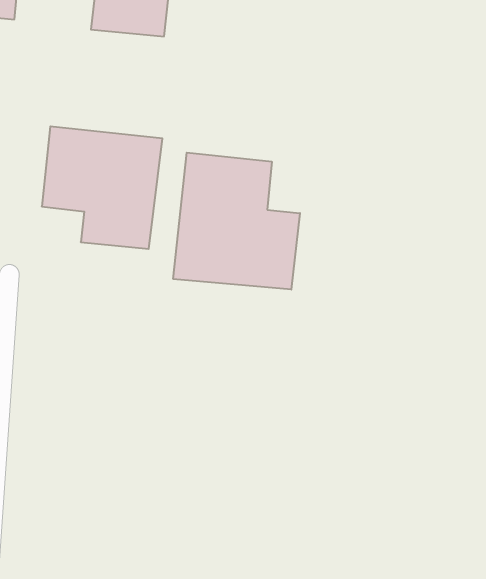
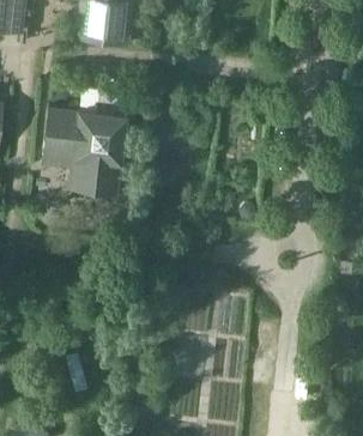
building: [173,153,300,290] -> none

